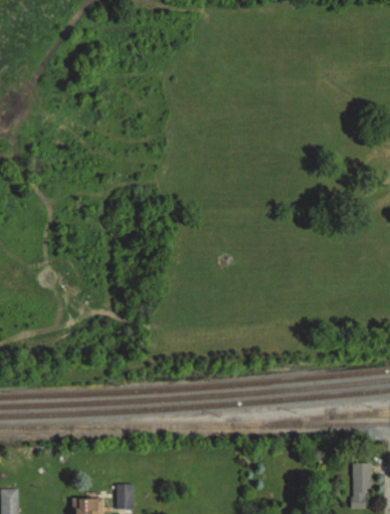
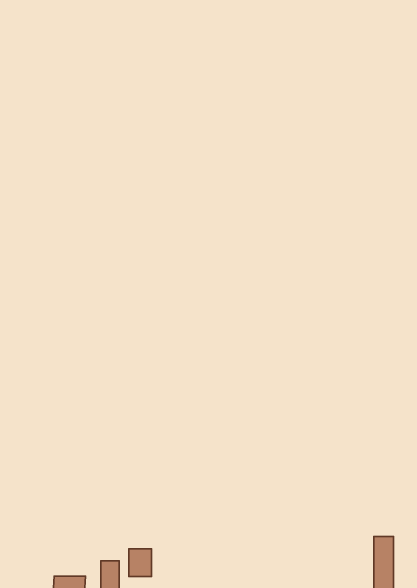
building: none -> [129,549,152,577]

